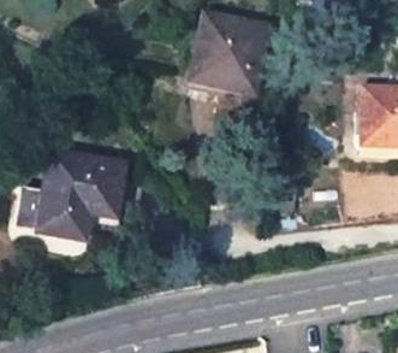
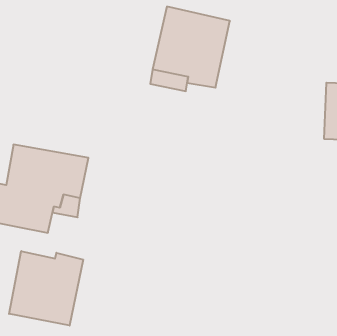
building: none -> [9,251,83,326]

